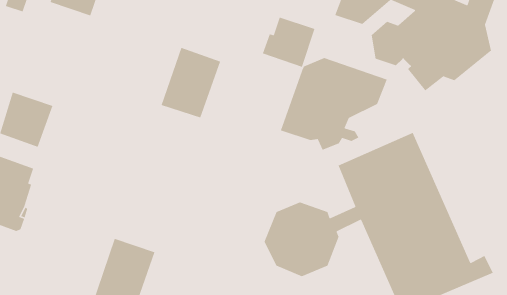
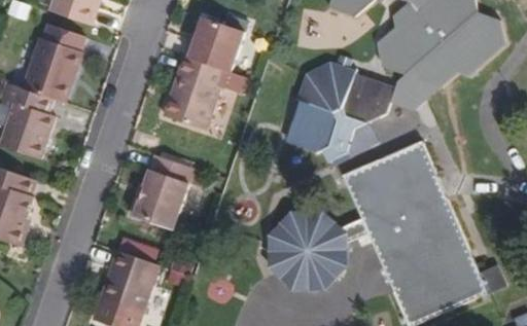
building: none -> [22,22,83,100]
building: [262,16,315,68] -> [184,15,239,68]
building: none -> [385,66,433,120]
building: none -> [130,152,194,227]

